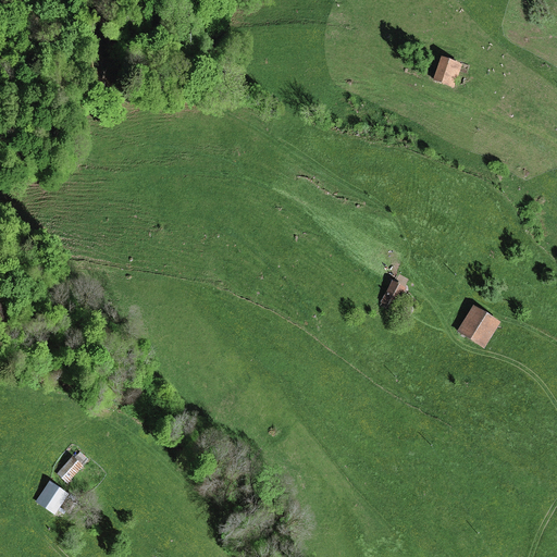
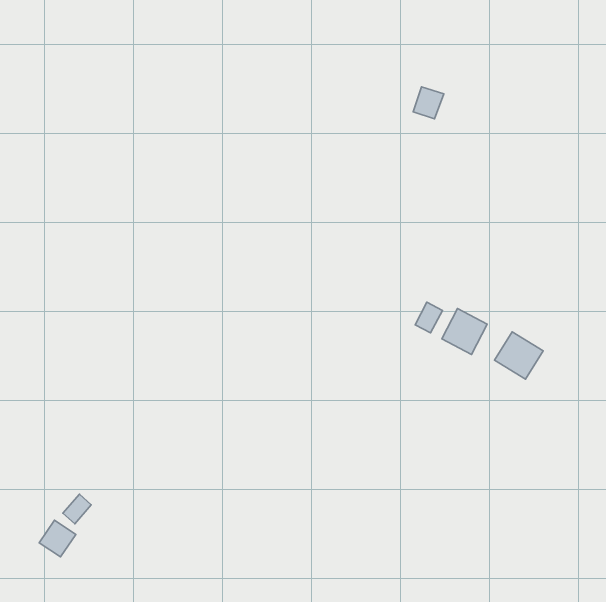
building: [434,54,462,84] -> [413,87,444,119]
building: none -> [442,309,487,355]

